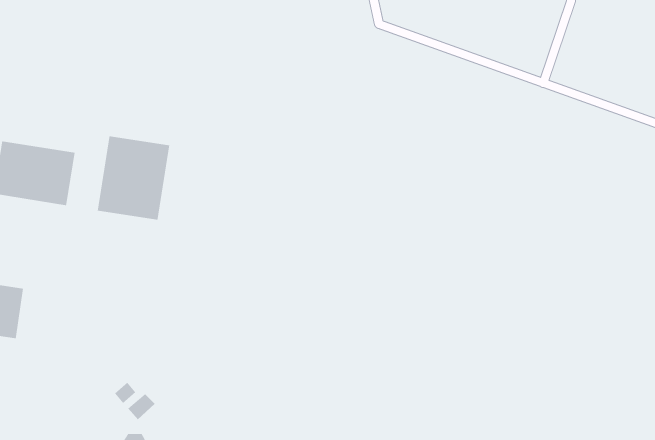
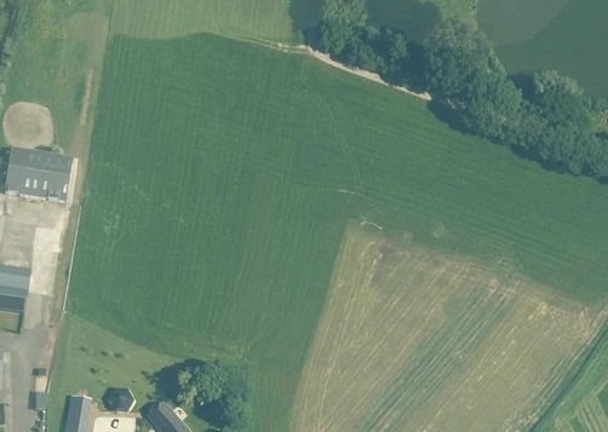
building: [97,136,170,221] -> none

